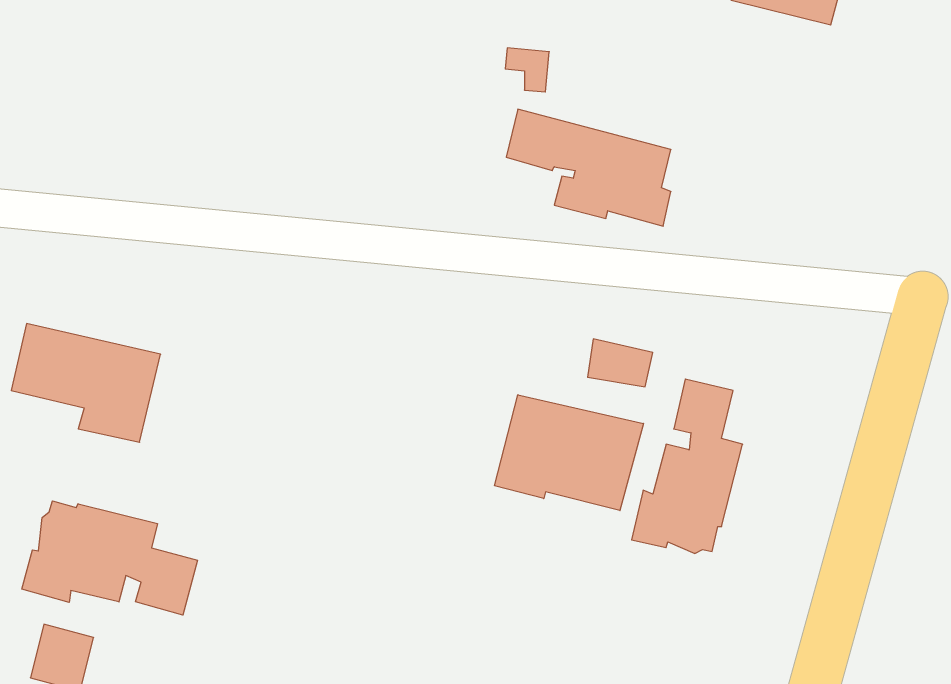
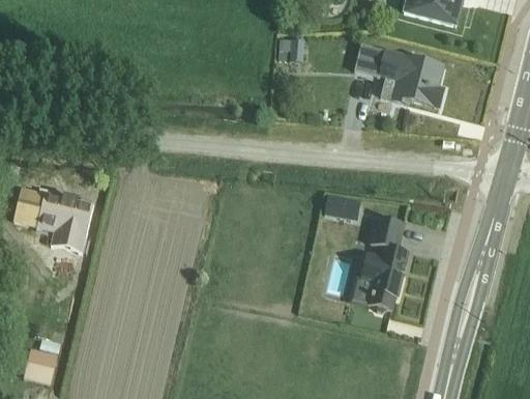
building: [506,109,671,226] -> [354,42,443,106]
building: [495,395,643,511] -> none
building: [22,501,197,615] -> none

